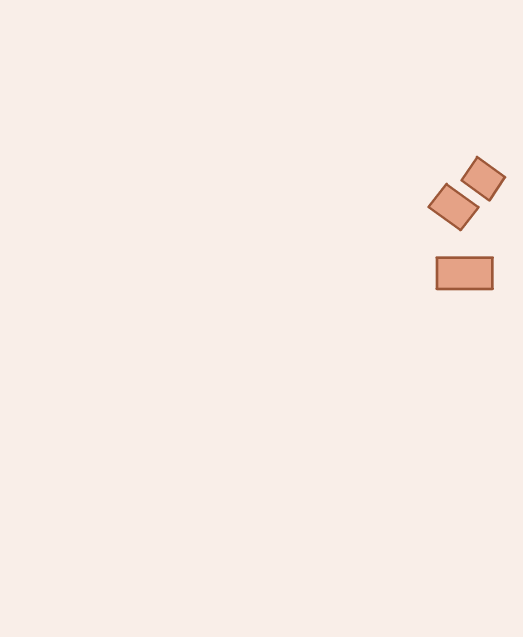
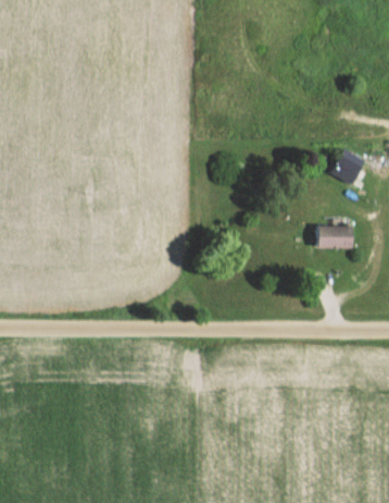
building: [429,184,478,230] -> none

